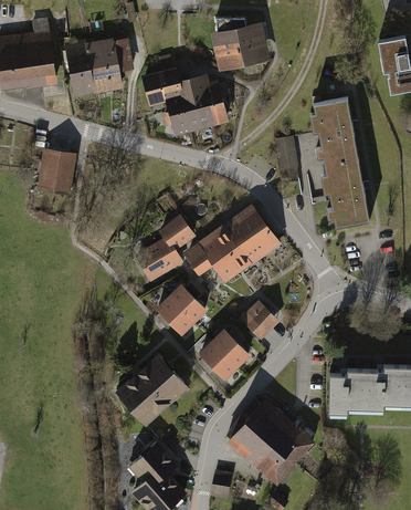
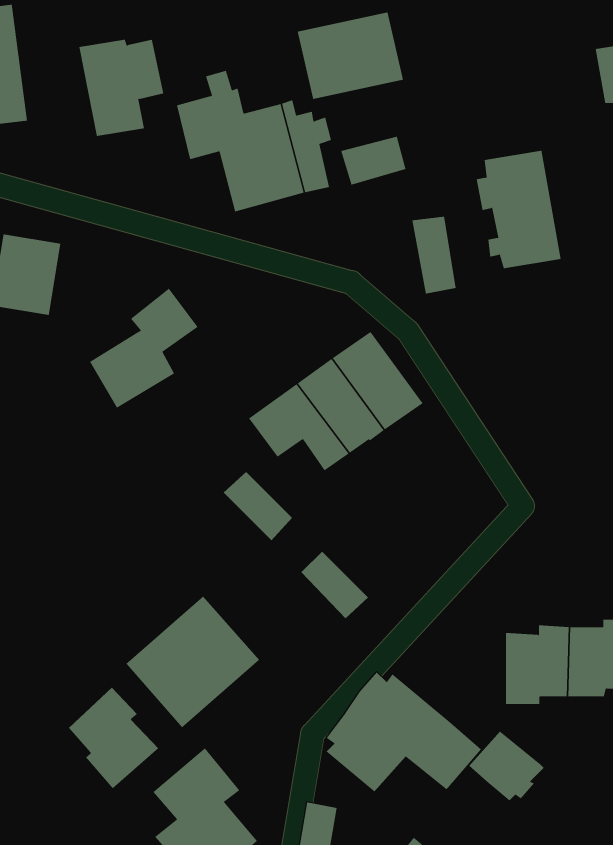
building: [63,39,95,96] -> none
building: none -> [341,136,406,185]
building: [322,162,370,229] -> none
building: [134,212,196,281] -> [89,288,198,408]
building: [155,294,194,334] -> none
building: [239,299,278,340] -> none
building: [198,340,236,379] -> none
building: none -> [68,687,159,789]
building: [253,445,296,485] -> [469,731,545,801]

